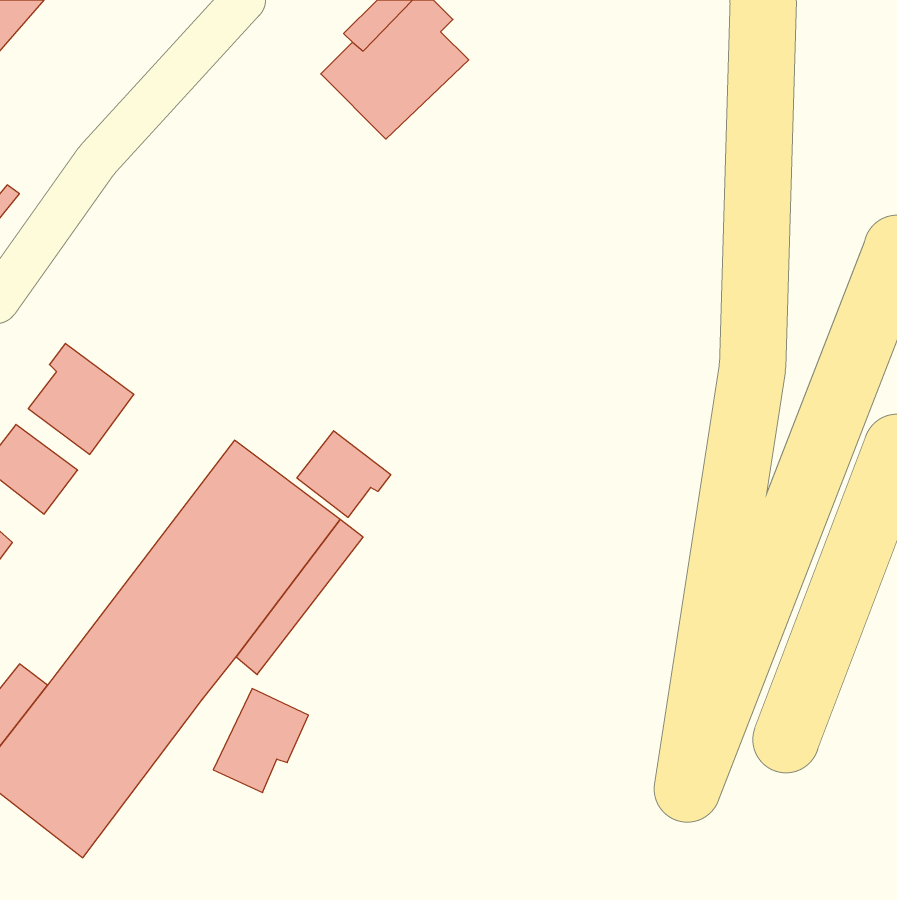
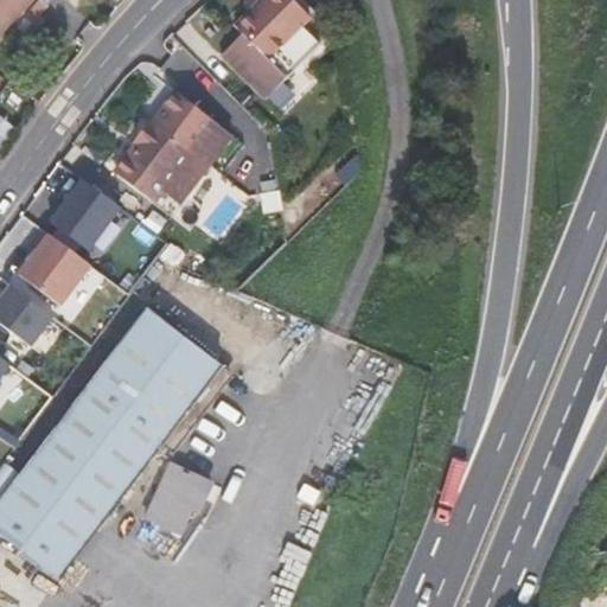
building: none -> [116,95,226,204]
building: none -> [47,178,117,249]
building: [297,431,391,517] -> none

